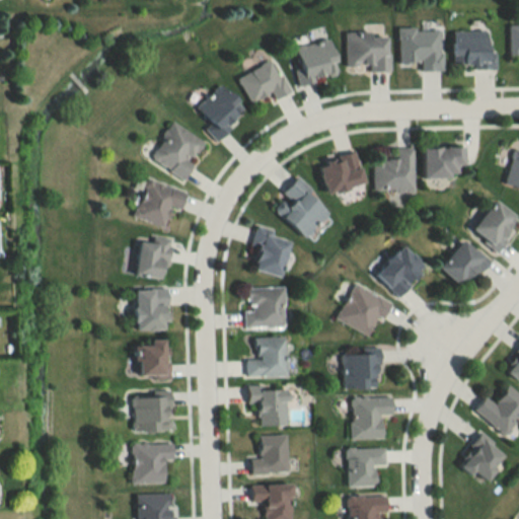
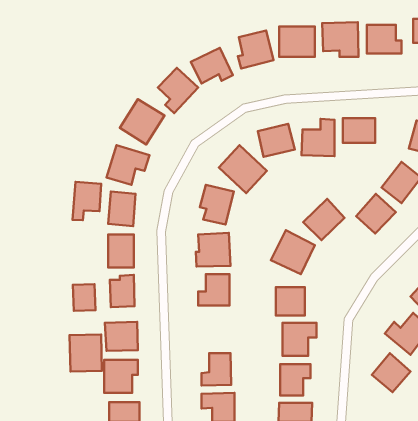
building: none -> [73,182,101,220]
building: none -> [73,284,95,311]
building: [249,386,288,426] -> none
building: none -> [70,334,102,372]

